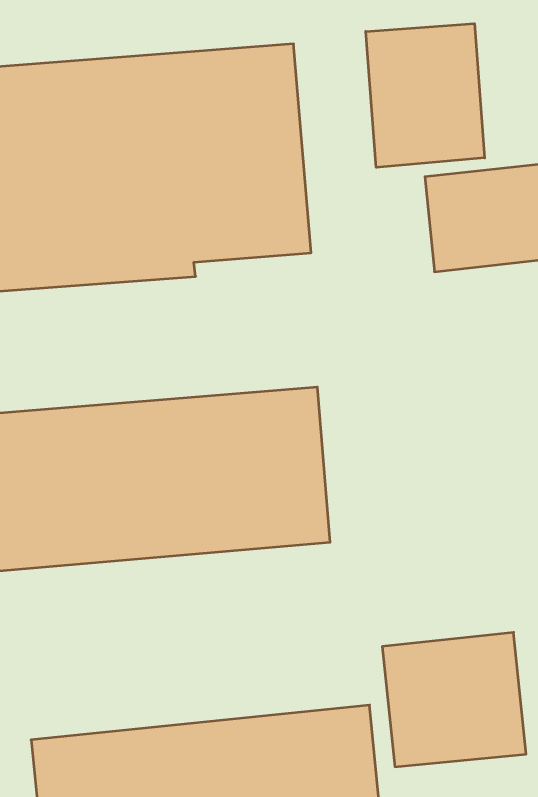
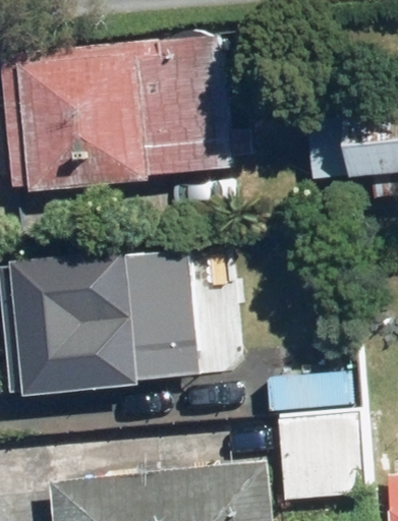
building: [366,24,485,167] -> none

